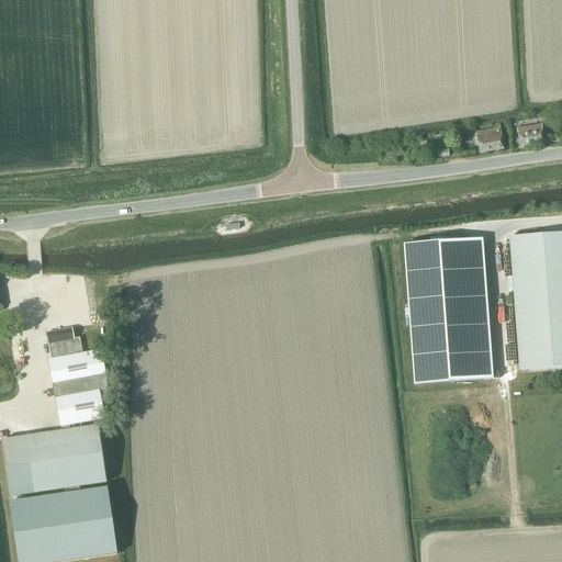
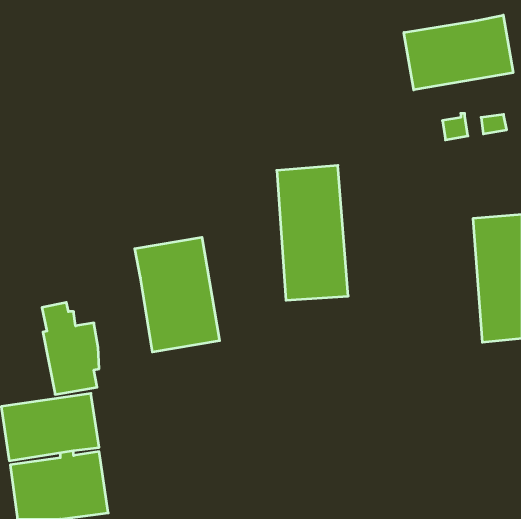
building: none -> [404,15,513,90]
building: [406,237,483,382] -> [277,165,348,300]
building: none -> [135,237,220,352]

